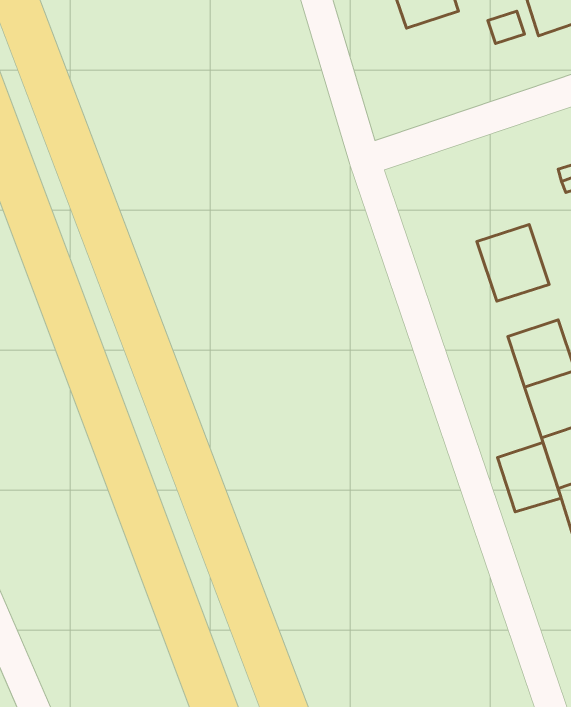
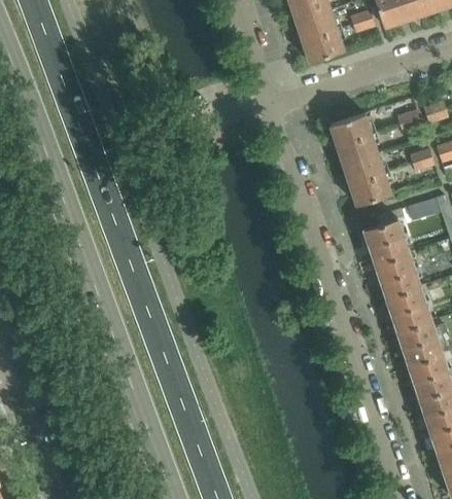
building: none -> [295,10,344,62]
building: none -> [329,113,378,165]
building: [497,442,561,512] -> none

